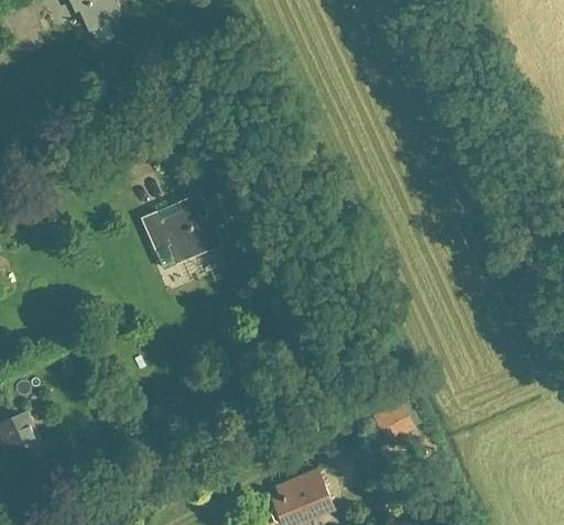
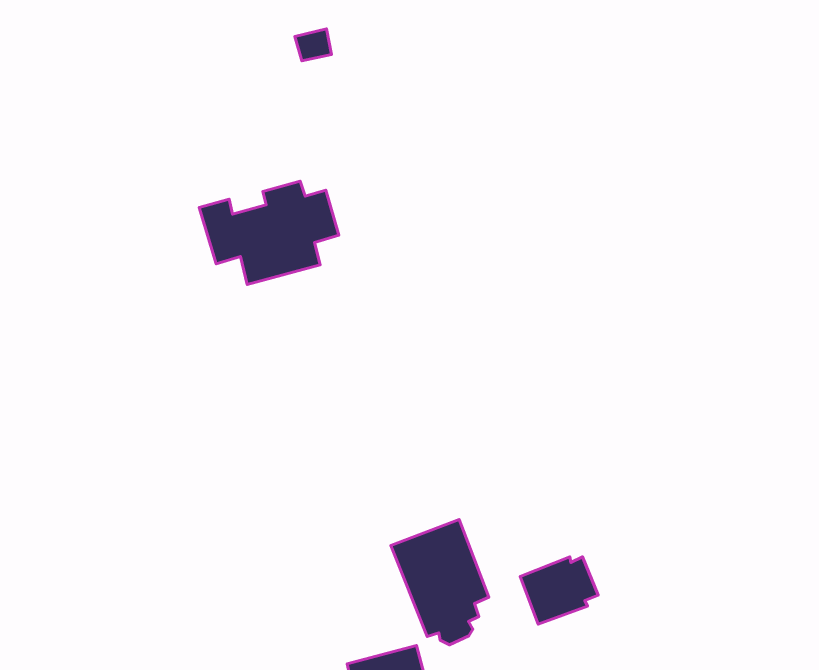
building: none -> [391,520,489,645]

